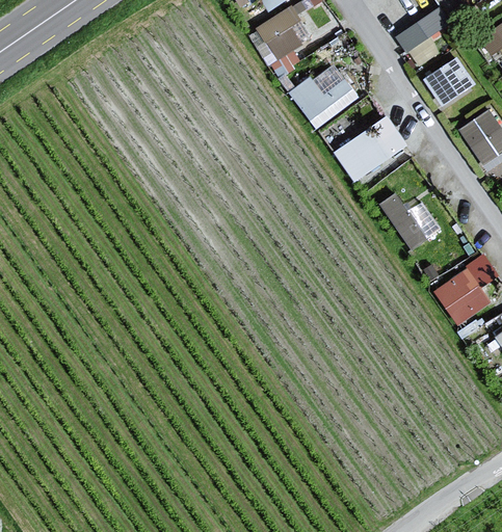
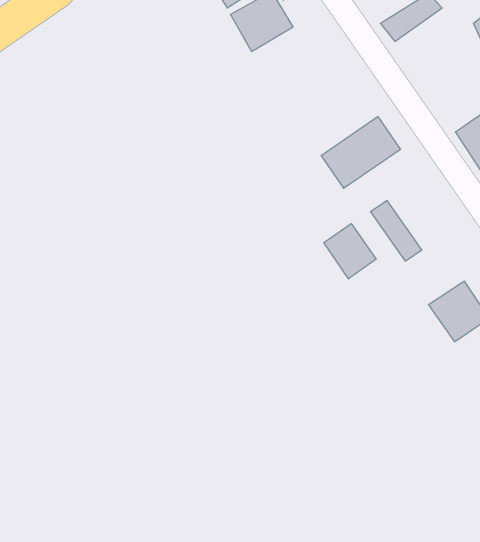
building: [422,55,476,107] -> none
building: [293,64,356,125] -> none
building: none -> [324,224,376,279]

